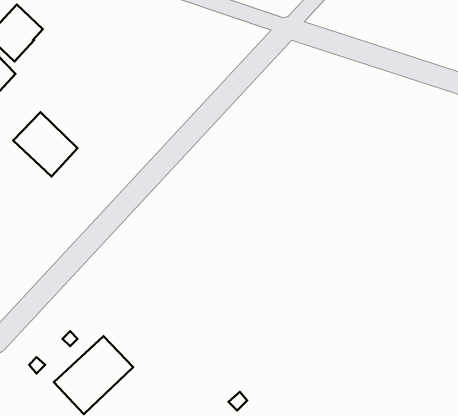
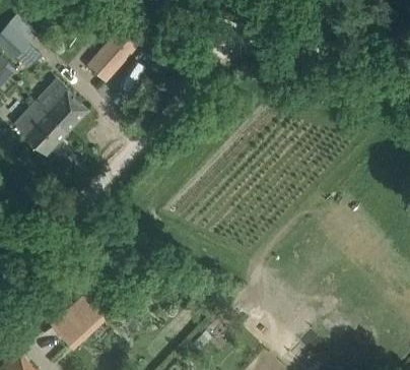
building: none -> [86,30,137,83]
building: none -> [36,81,86,132]

